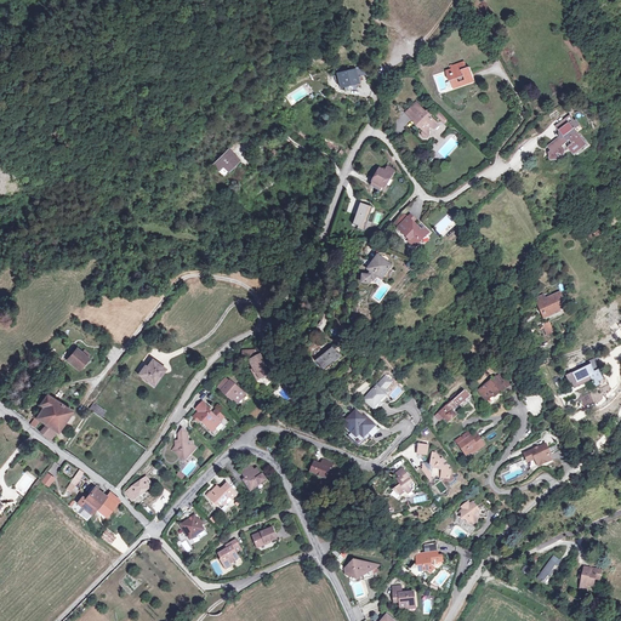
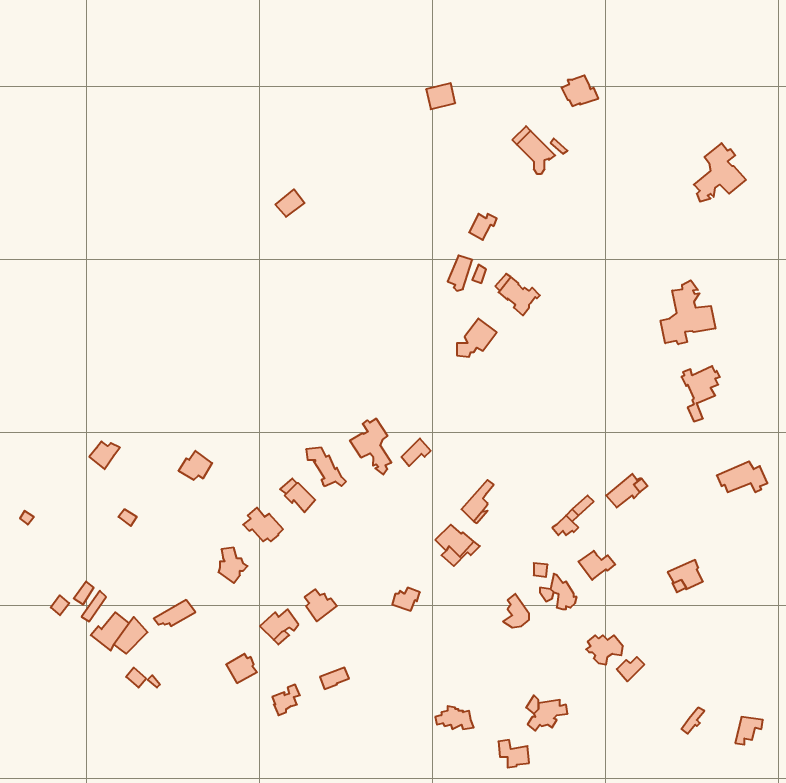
building: none -> [661,280,715,344]
building: none -> [350,418,391,475]
building: [29,392,72,437] -> none

